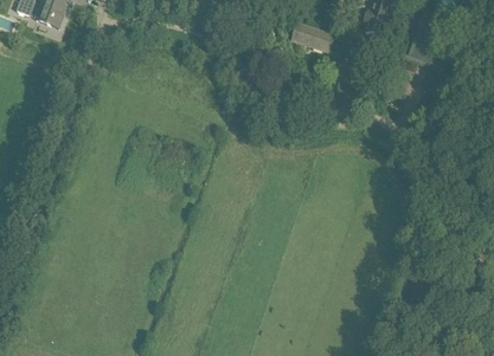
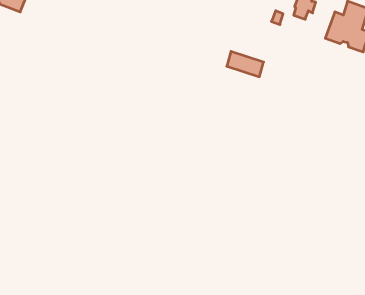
building: [291,22,333,51] -> [227,51,264,77]

